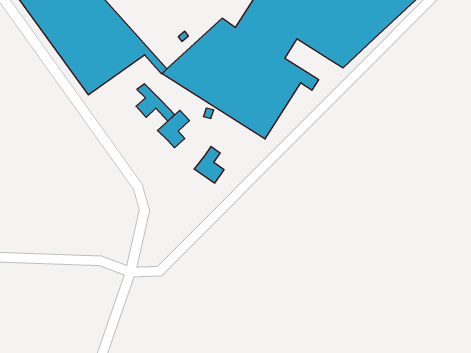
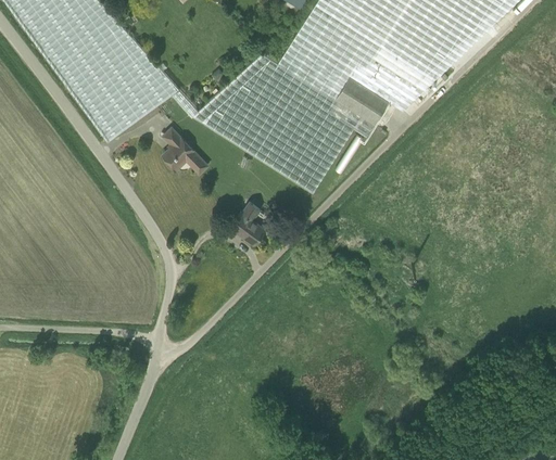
building: none -> [336,76,389,124]
building: [157,110,189,148] -> none

